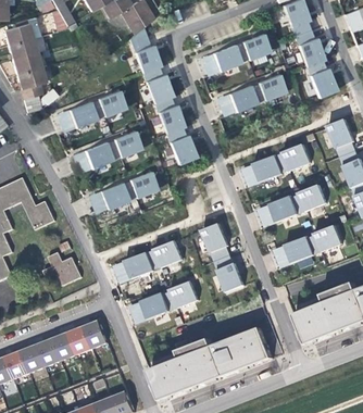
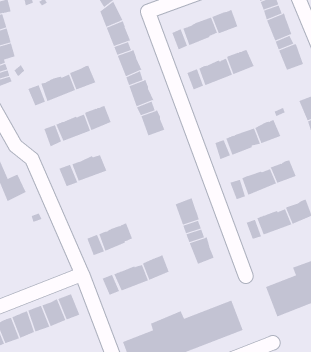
building: [128,170,157,196] -> none
building: [155,240,184,265] -> none
building: [43,249,80,283] -> none

